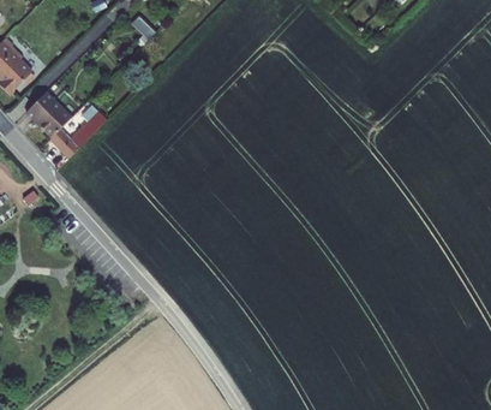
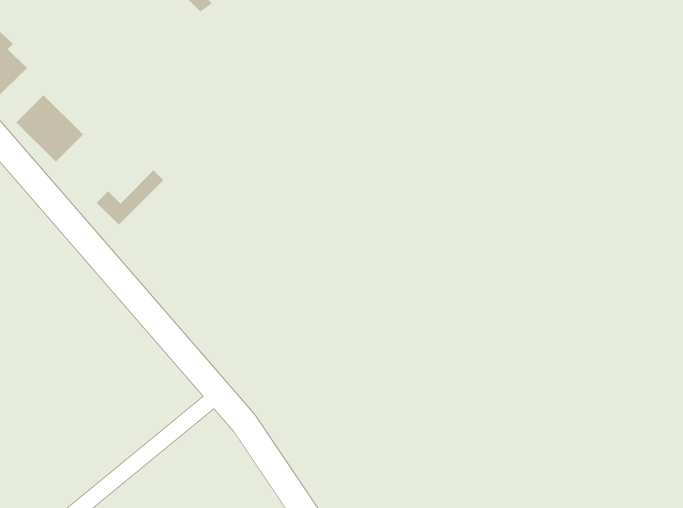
building: [53,115,100,154] -> [96,170,164,225]

